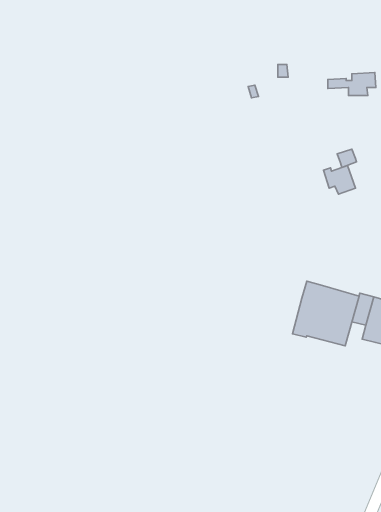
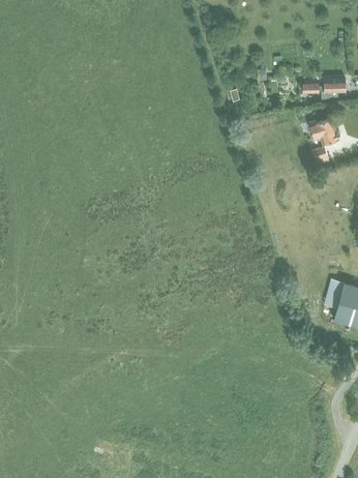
building: [324,165,355,194] -> [309,119,338,145]
building: [293,281,359,346] -> none

